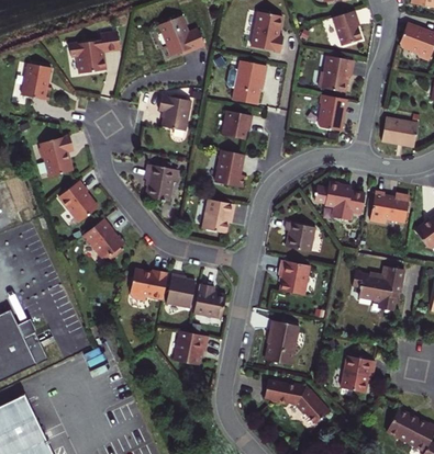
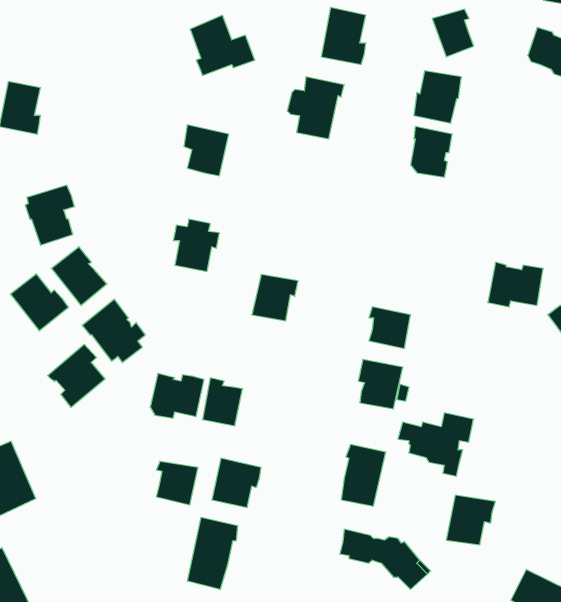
building: [69,31,120,72] -> none
building: [224,110,253,138] -> none
building: [381,116,418,145] -> none
building: [215,149,246,186] -> none
building: [314,180,365,219] -> none
building: none -> [10,274,68,331]
building: none -> [48,344,105,407]
building: [350,265,404,310] -> [398,413,474,476]
building: [193,284,227,319] -> none
building: none -> [157,461,198,505]
building: none -> [188,517,237,590]

